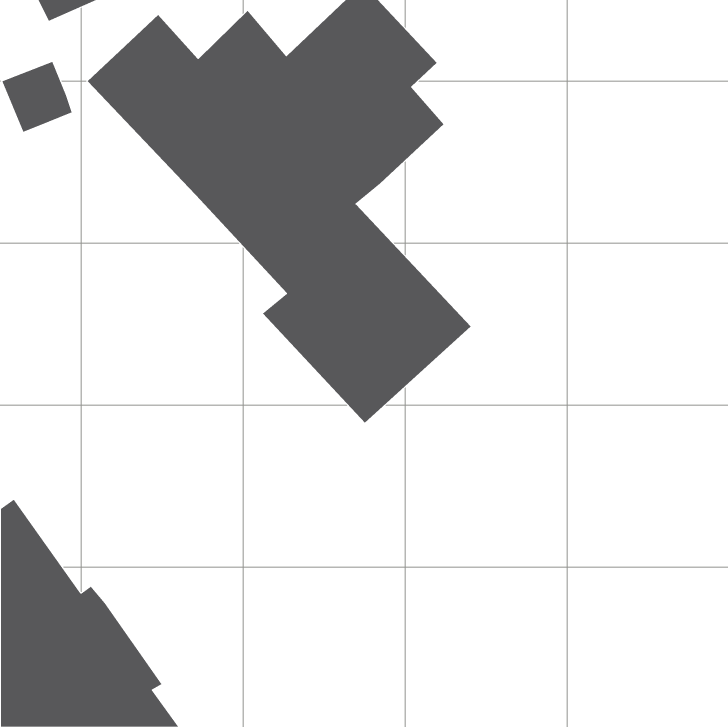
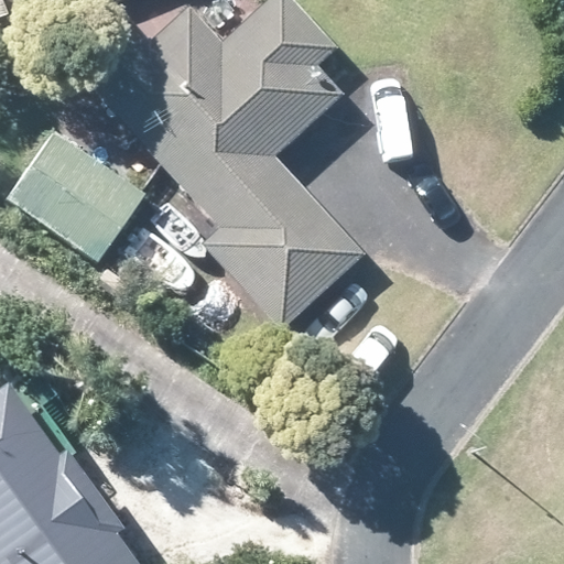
building: none -> [10,134,144,260]

